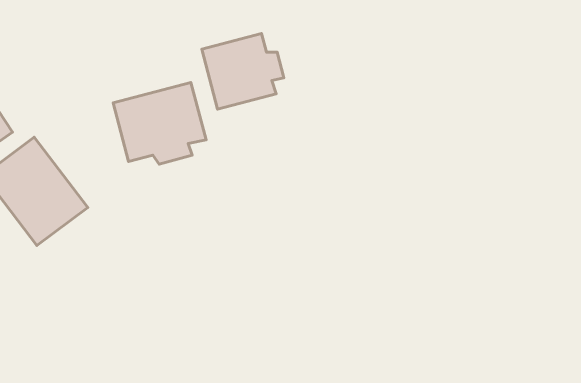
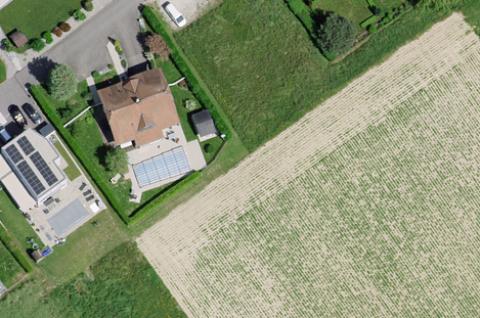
building: [202,33,284,109] -> none

